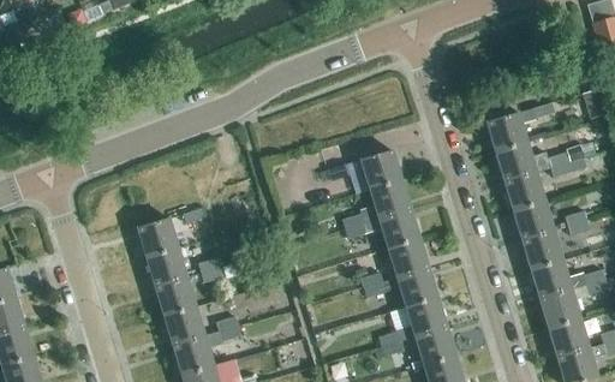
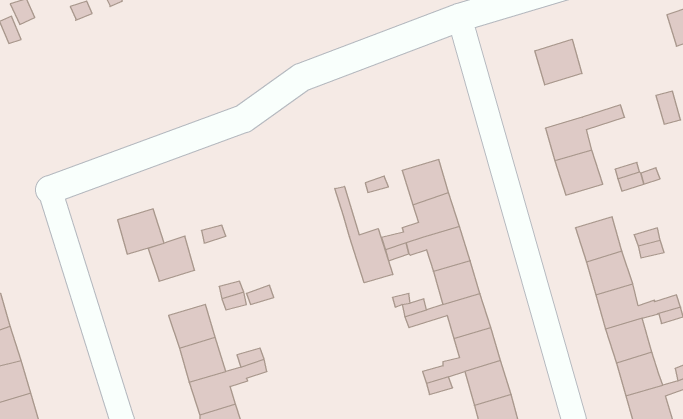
building: none -> [535,39,582,85]
building: [504,171,545,209] -> none
building: none -> [335,186,393,283]
building: [147,246,187,286] -> [118,209,164,254]

